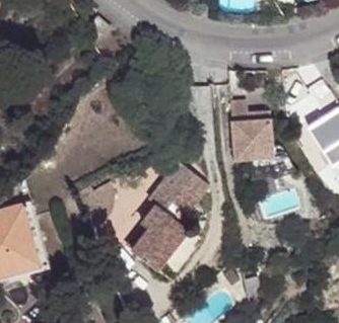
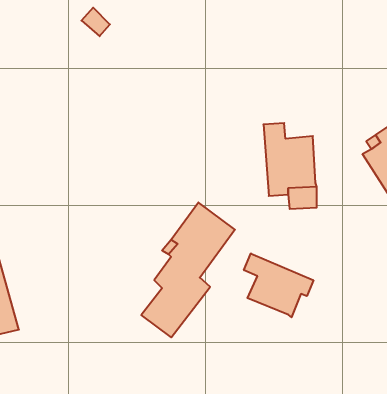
building: none -> [244,253,313,317]

